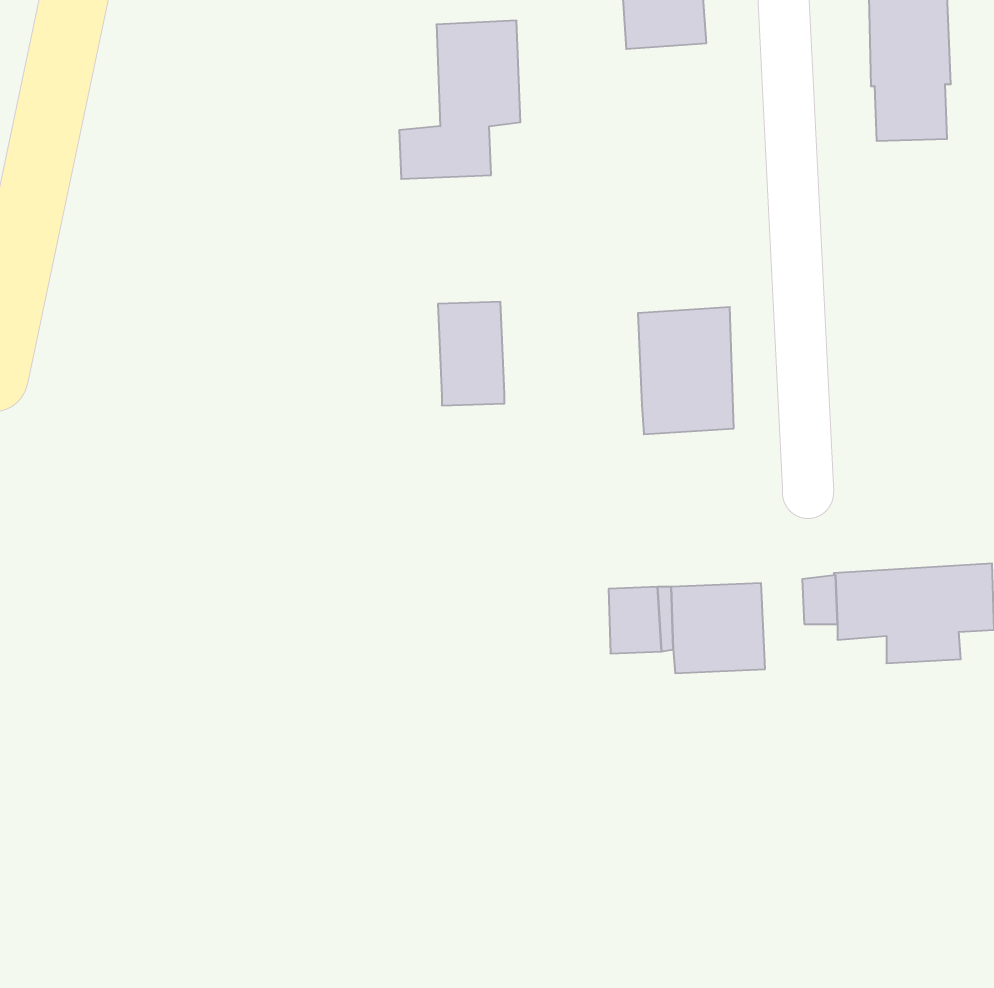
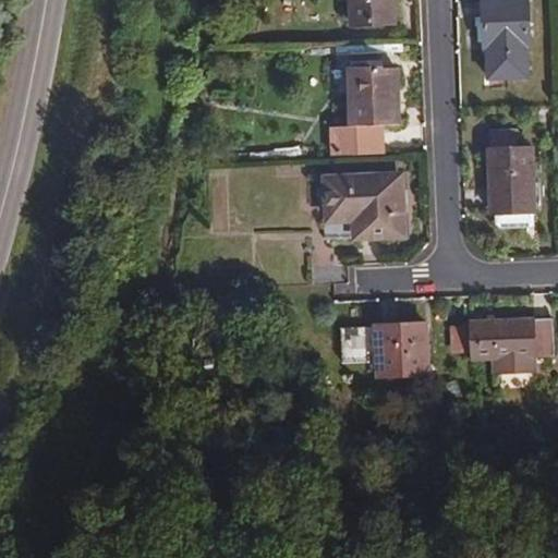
building: [399,21,520,179] -> [328,64,396,153]
building: none -> [490,135,535,228]
building: [438,302,504,405] -> [320,174,357,232]

